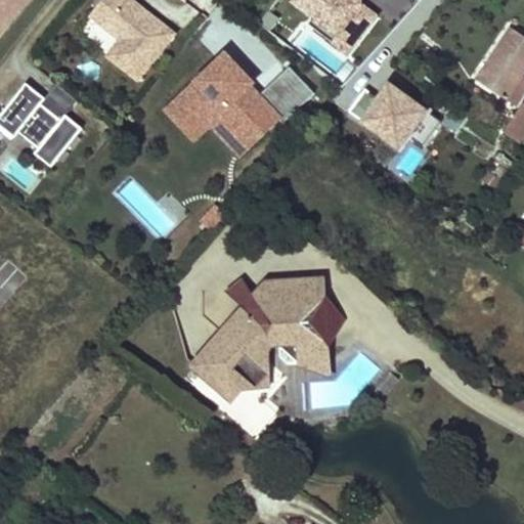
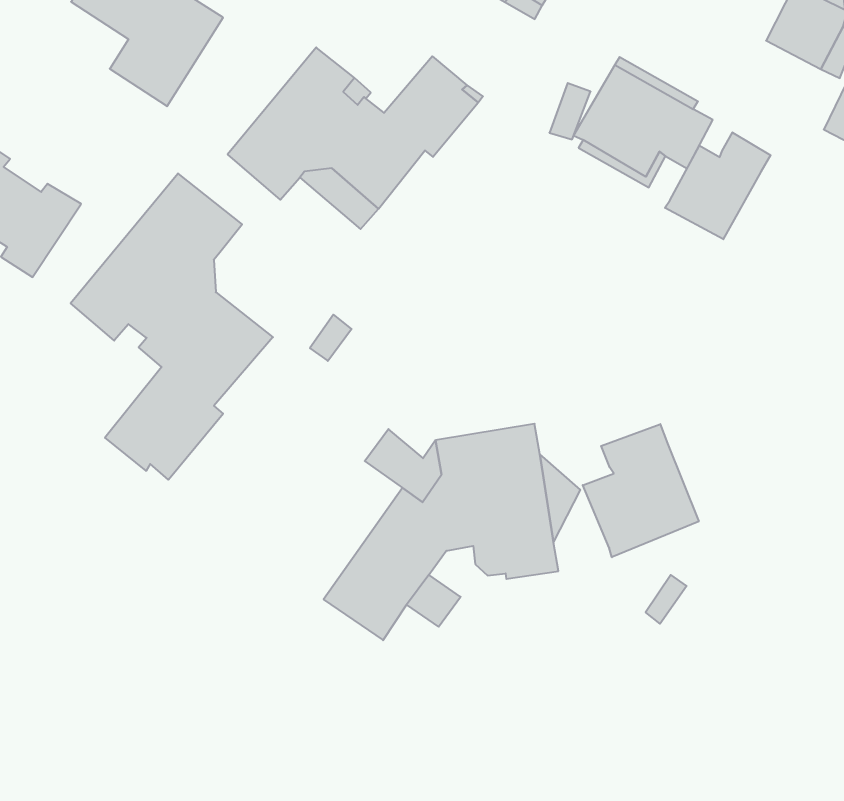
building: none -> [71,173,273,480]
building: none -> [665,132,771,239]
building: none -> [583,424,699,557]

